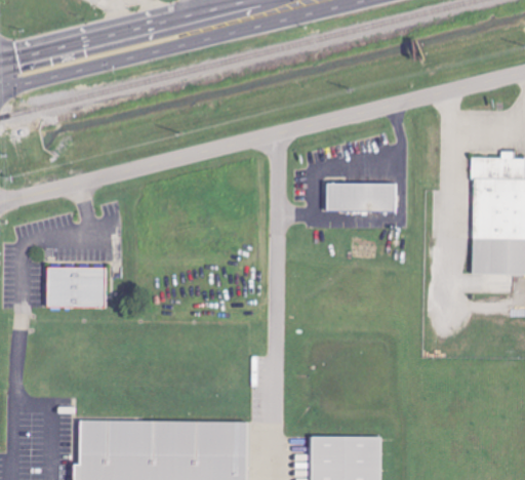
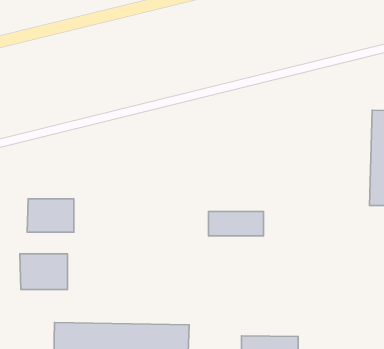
building: [327,183,395,212] -> [209,212,263,236]
building: none -> [20,254,67,289]

